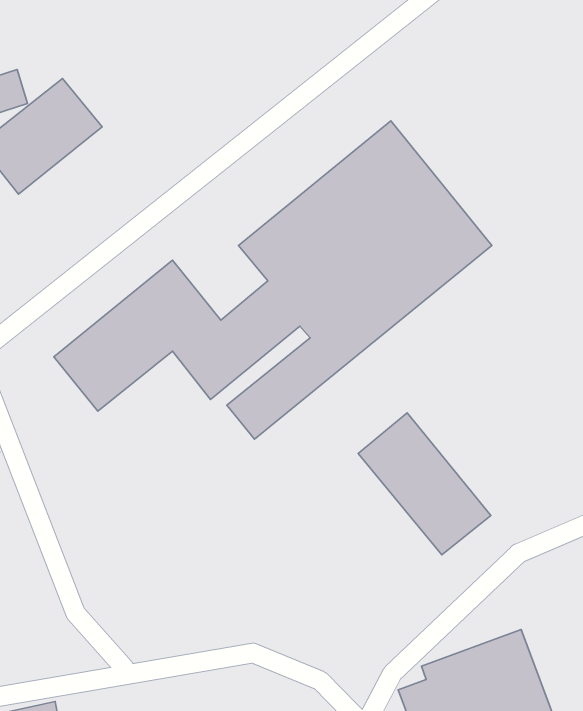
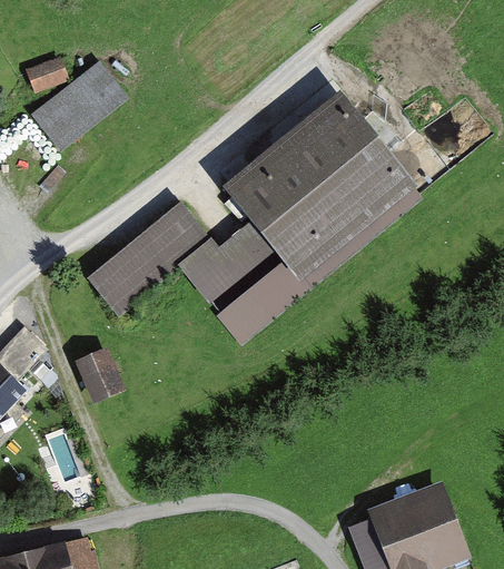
building: [358,413,491,555] -> none
building: none -> [73,347,125,402]

